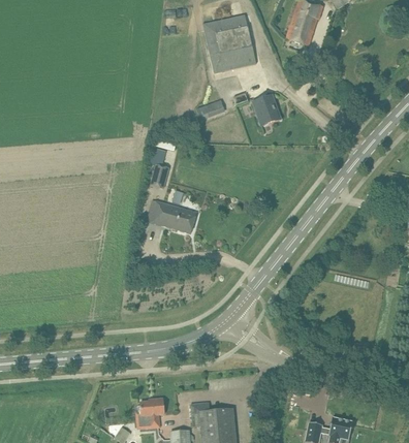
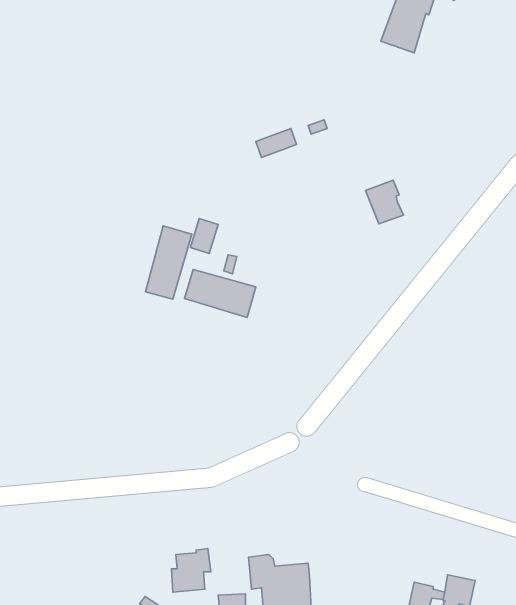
building: [203,14,256,72] -> none
building: [252,94,279,125] -> [366,180,403,224]
building: none -> [145,226,192,299]

